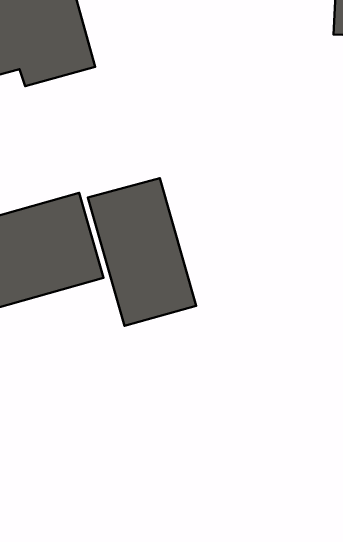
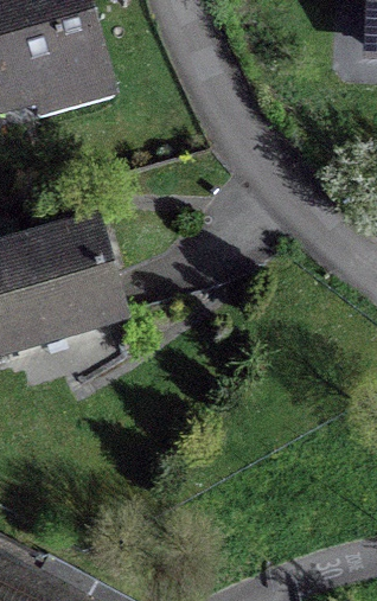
building: [88,178,196,326] -> none

